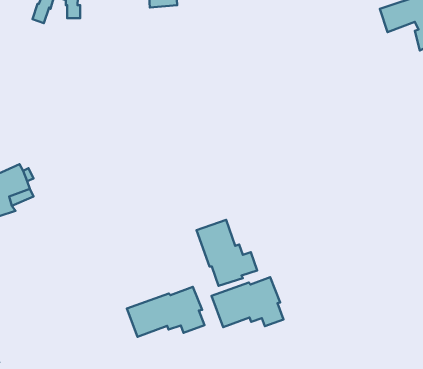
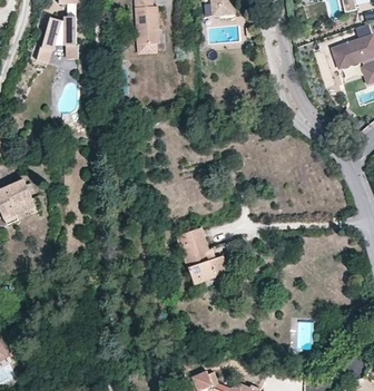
building: [212,277,284,327] -> none
building: [127,287,205,337] -> none

